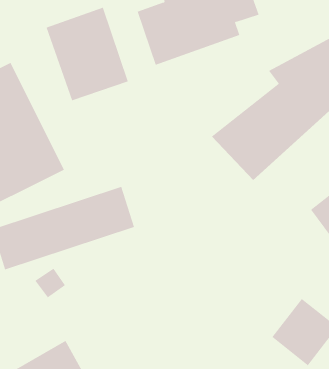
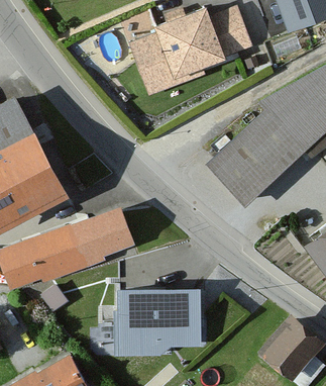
building: [46,7,128,101] -> none
building: none -> [115,289,200,360]

